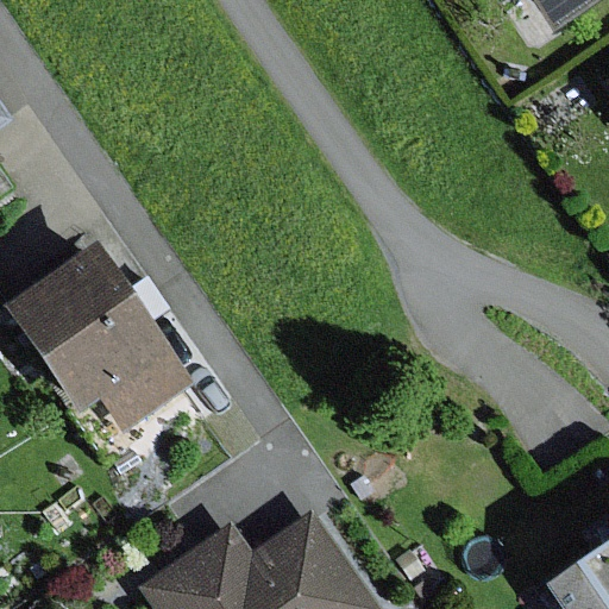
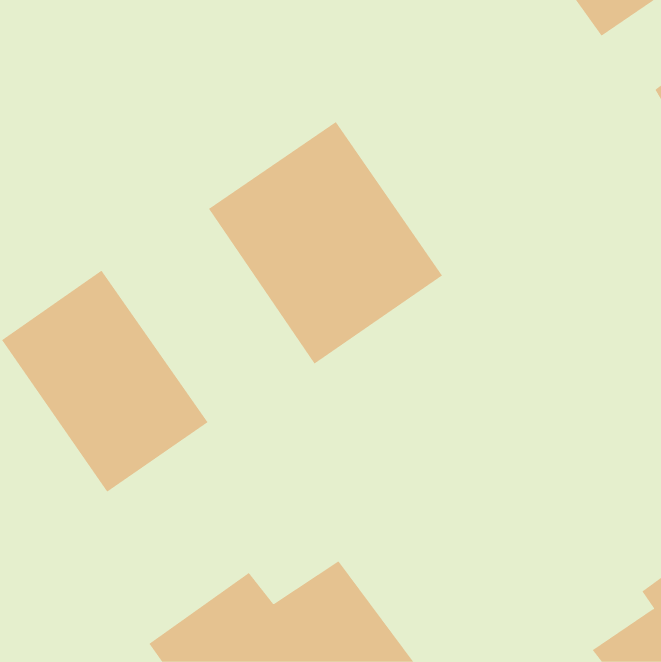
building: none -> [208,121,443,364]

